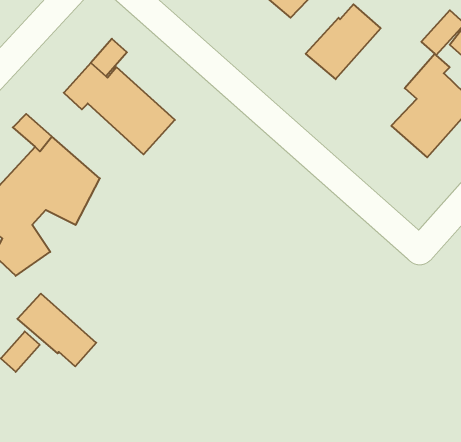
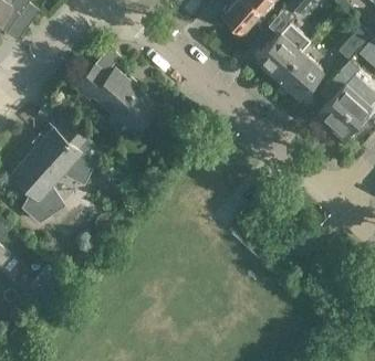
building: none -> [275,42,320,98]
building: [17,294,96,366] -> none

